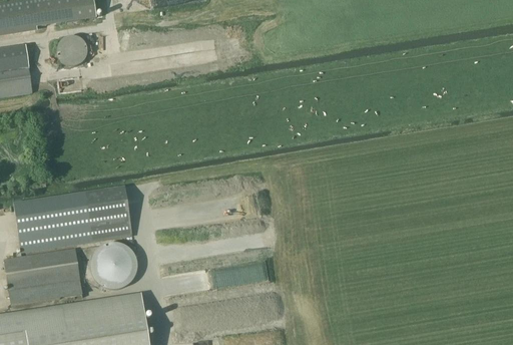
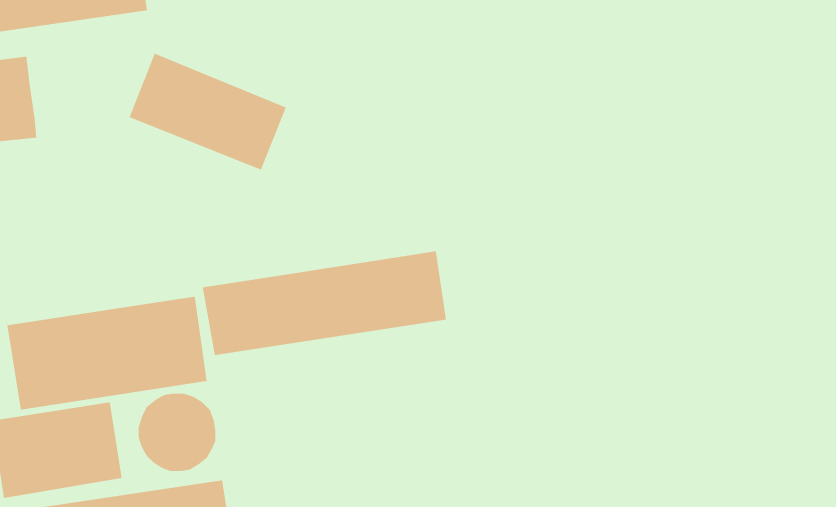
building: [59,38,86,65] -> none
building: none -> [129,53,286,171]
building: none -> [202,251,446,356]

